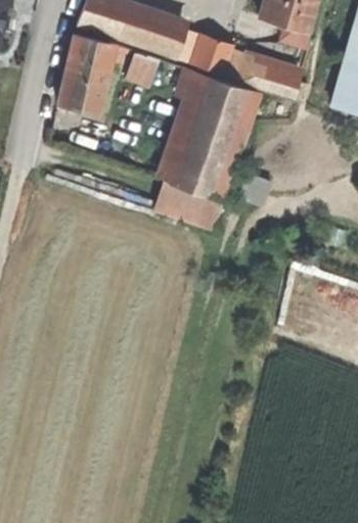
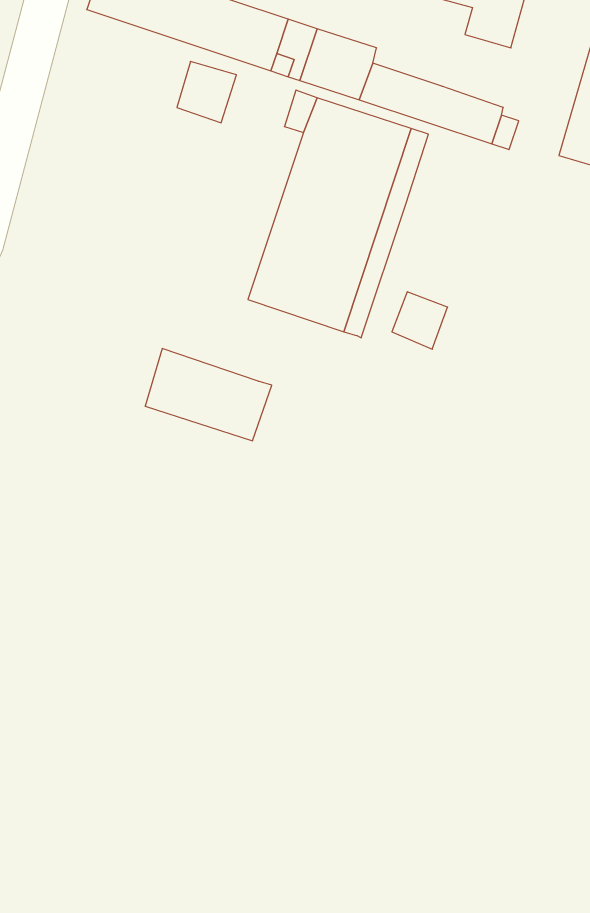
building: [57,34,116,112] -> none
building: [154,179,222,228] -> [145,349,272,441]

